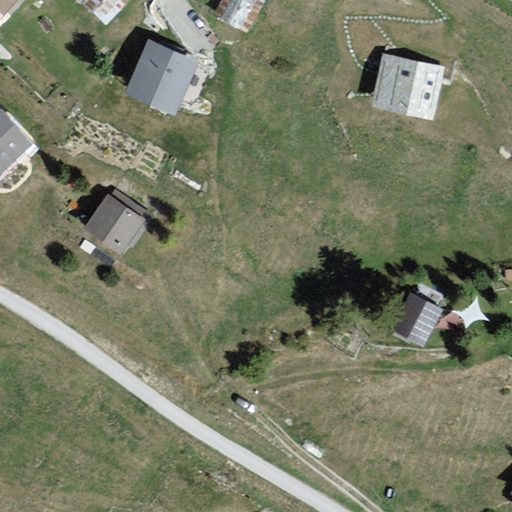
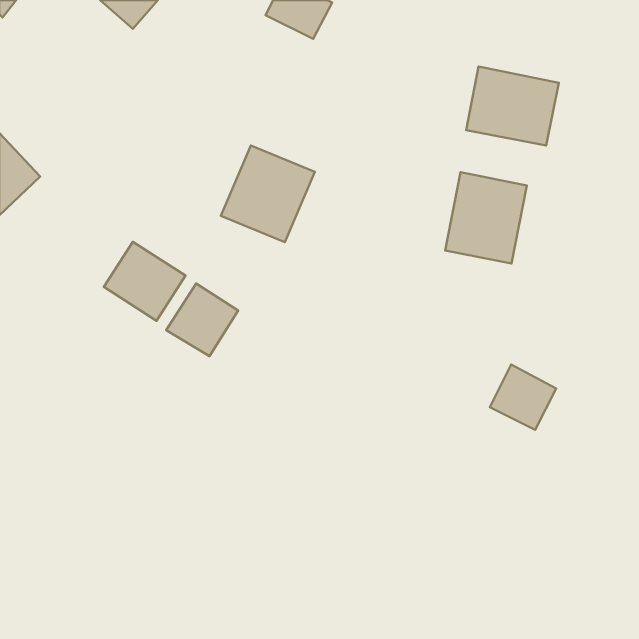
building: [124,38,199,115] -> [221,146,315,242]
building: none -> [445,172,527,264]
building: none -> [166,283,238,356]

